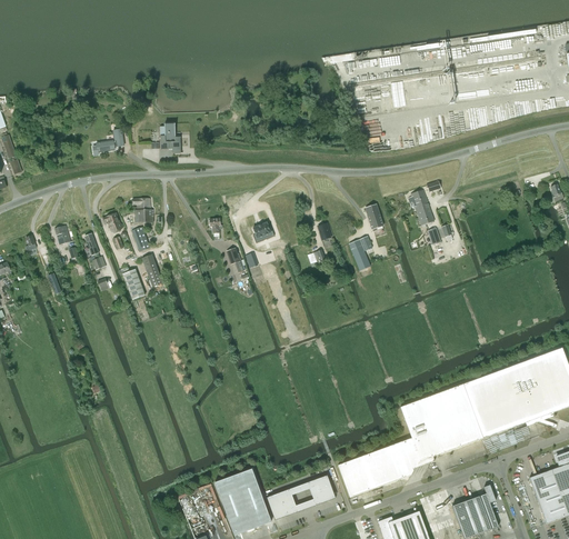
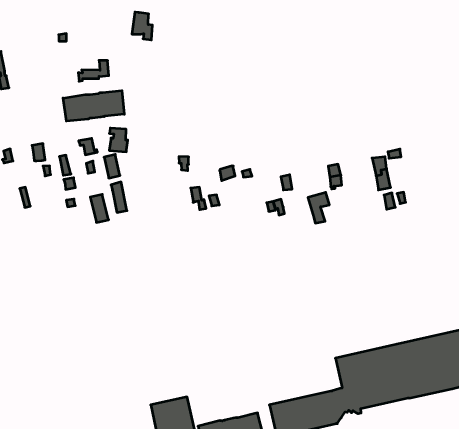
building: [160,126,181,152] -> [132,12,152,40]
building: none -> [63,91,124,121]

